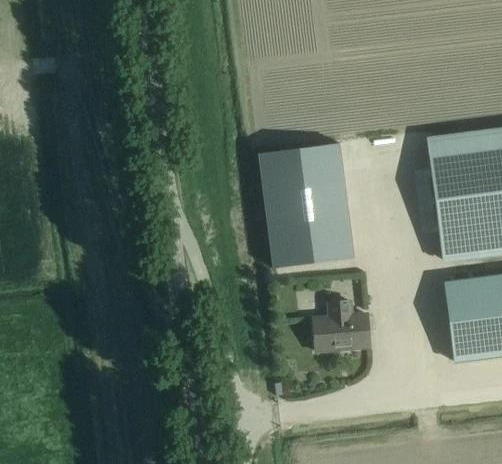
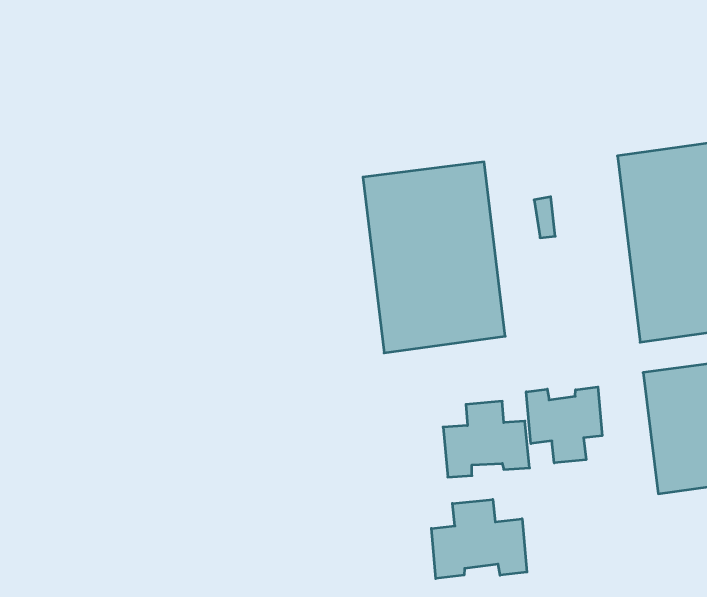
building: none -> [526,387,602,463]
building: none -> [431,499,527,579]

